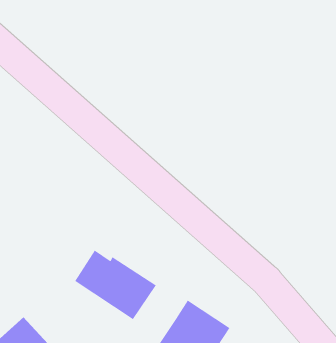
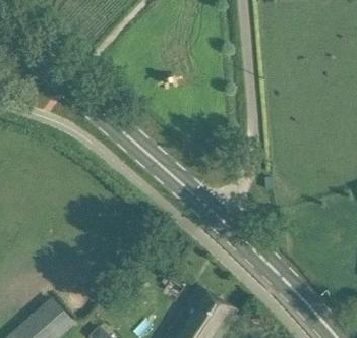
building: [74,249,157,320] -> none

